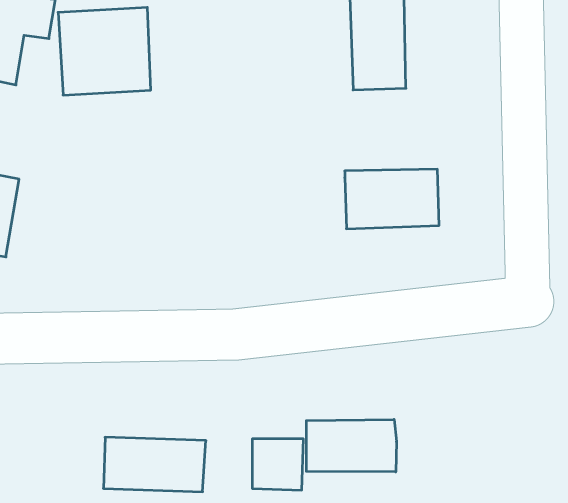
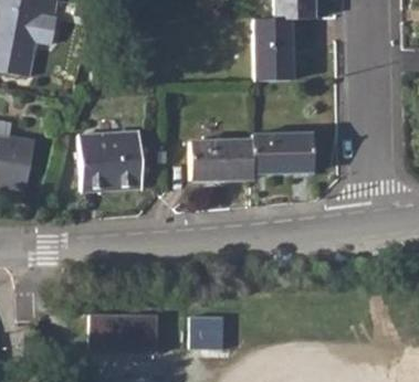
building: [58,7,151,95] -> [80,131,142,190]
building: none -> [190,139,252,180]
building: [306,419,396,472] -> none

